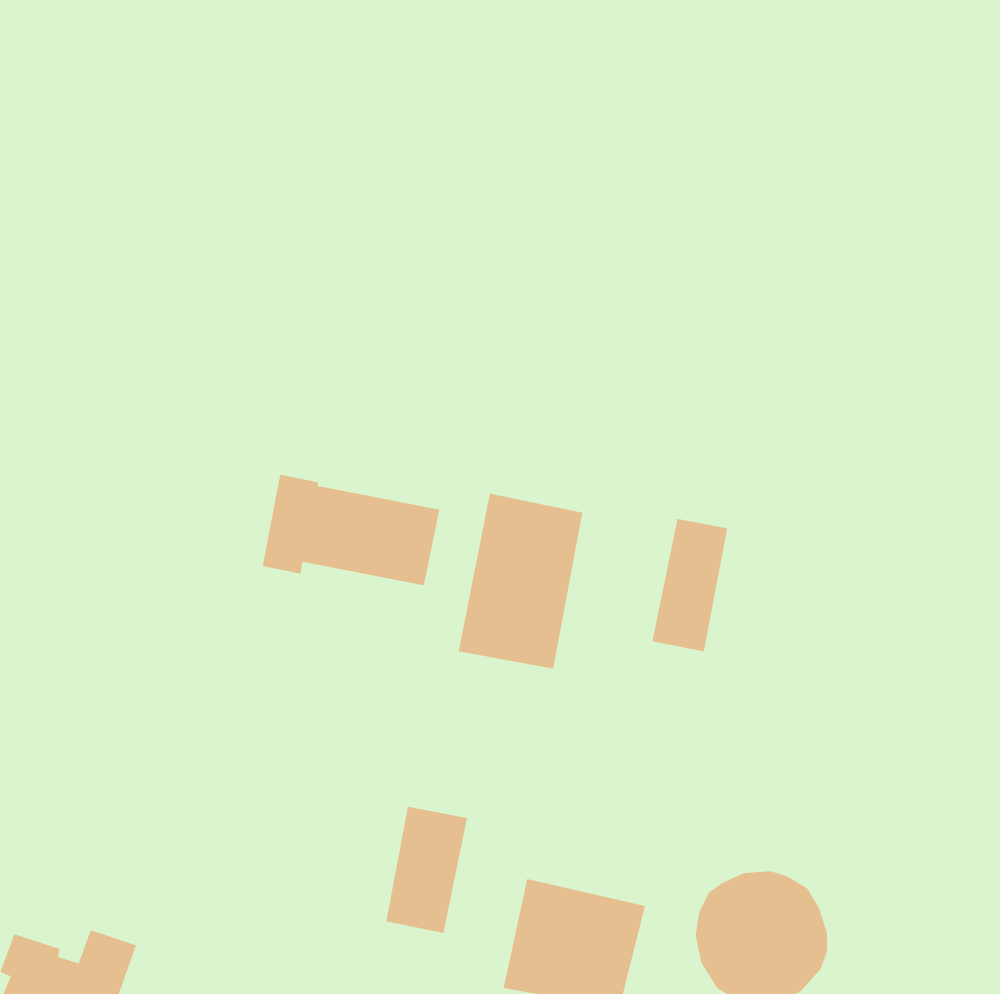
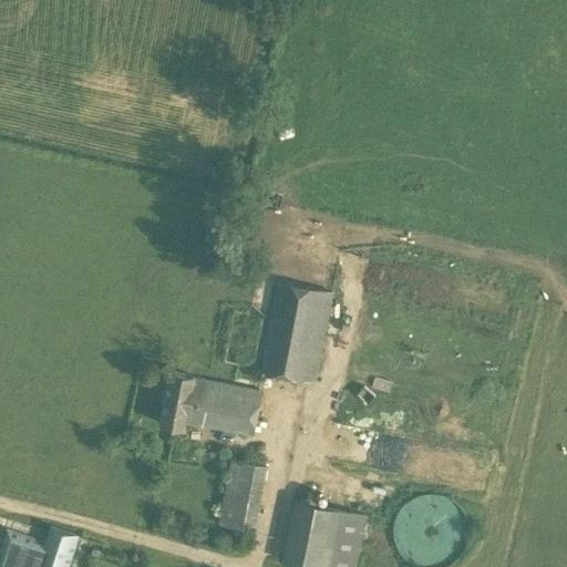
building: [262,474,440,586] -> [159,372,260,435]
building: [652,518,728,652] -> none

